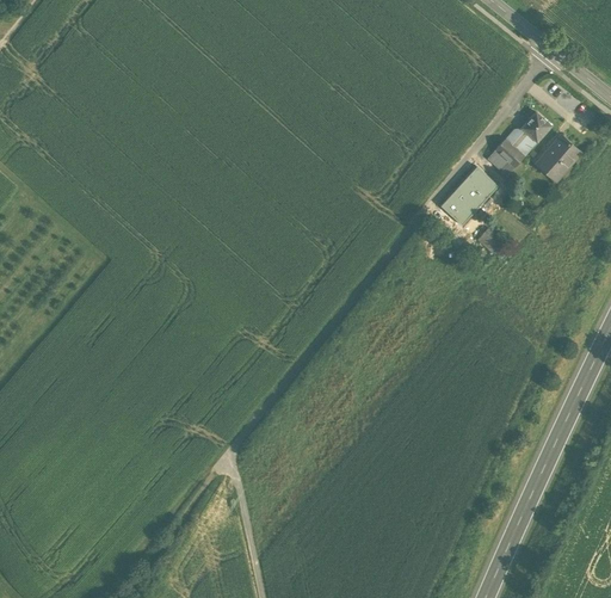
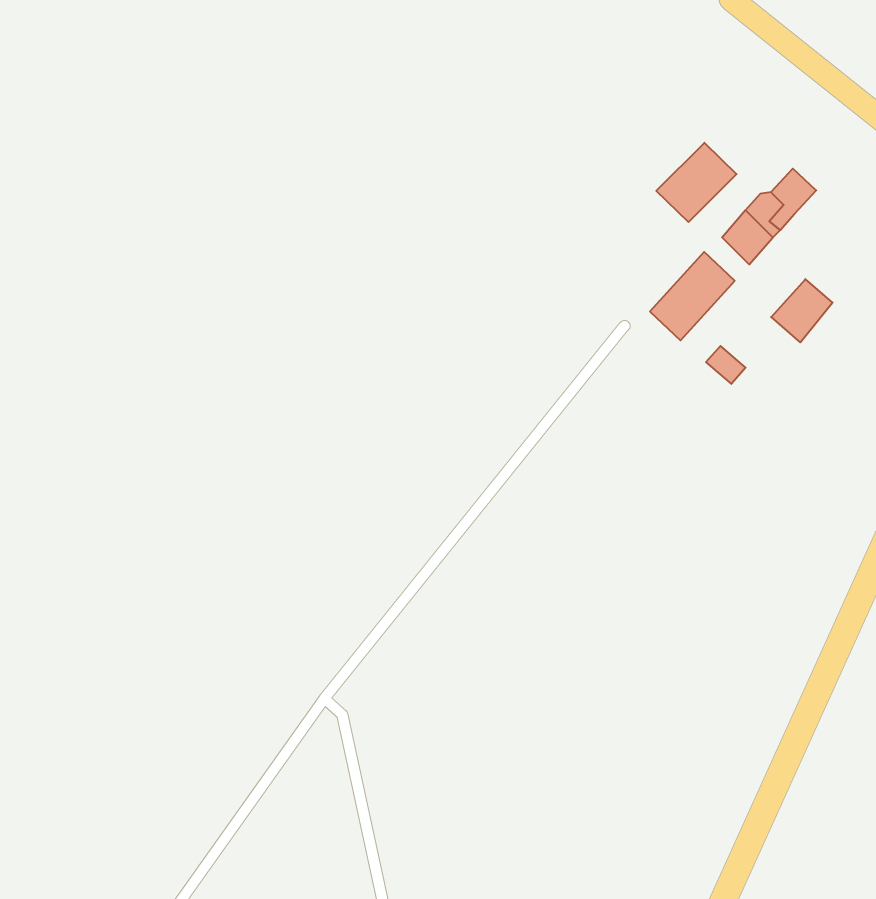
building: none -> [656,143,737,222]
building: [538,136,579,178] -> [771,279,833,342]

